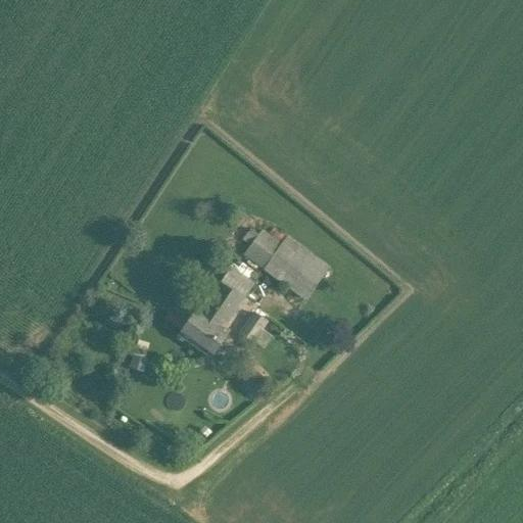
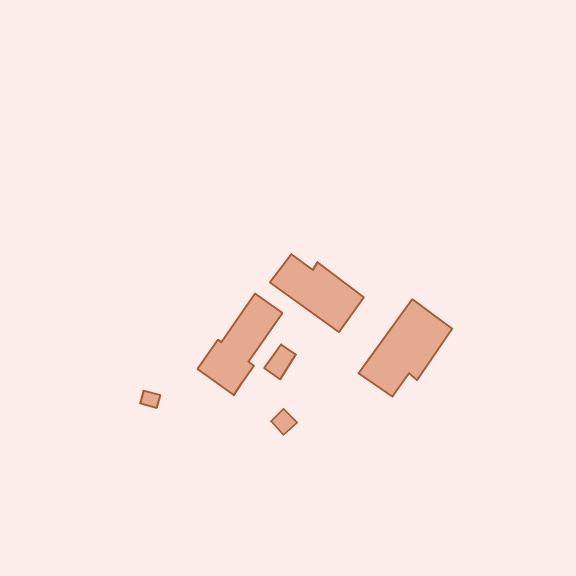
building: none -> [359,299,452,397]

